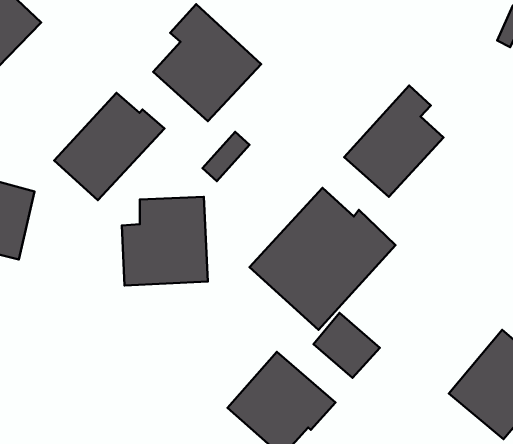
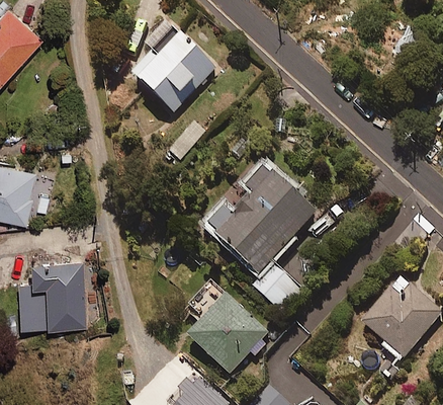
building: [344,85,443,197] -> none
building: [54,93,164,200] -> none
building: [122,197,208,285] -> [20,257,87,326]

